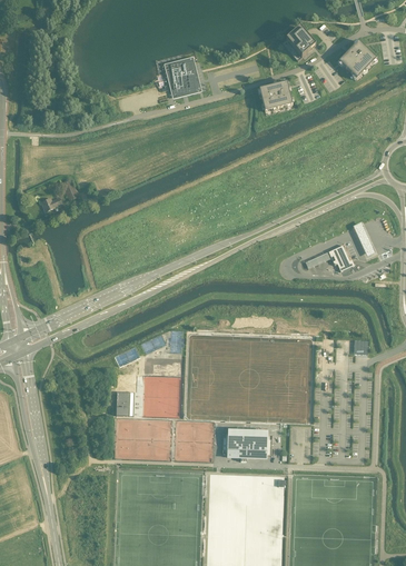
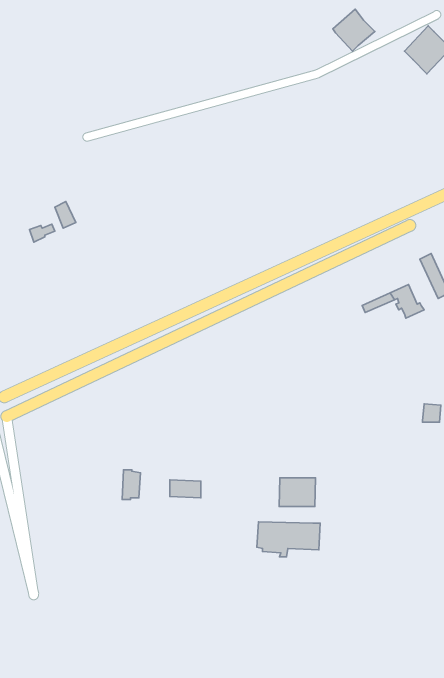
building: [169,61,197,93] -> none
building: [259,81,293,111] -> none
building: none -> [279,478,315,507]

